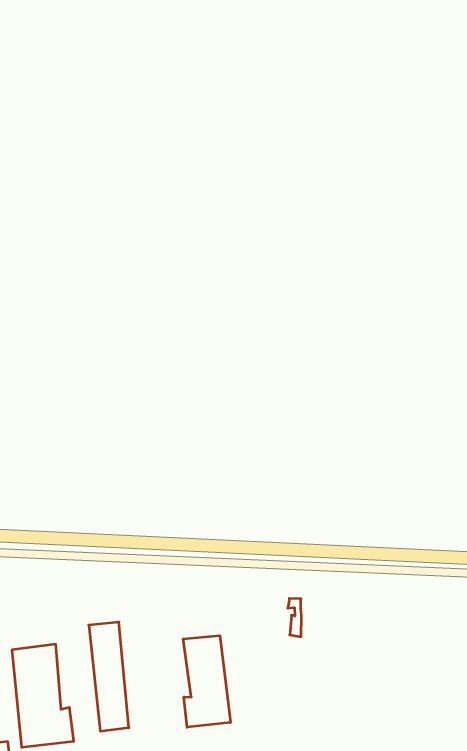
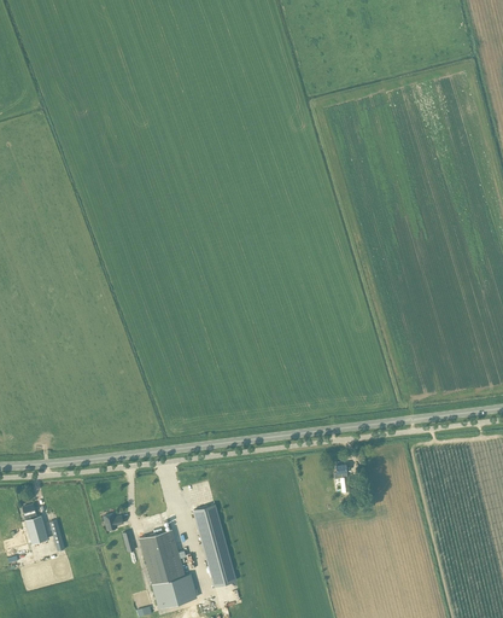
building: [183,636,230,727] -> none

